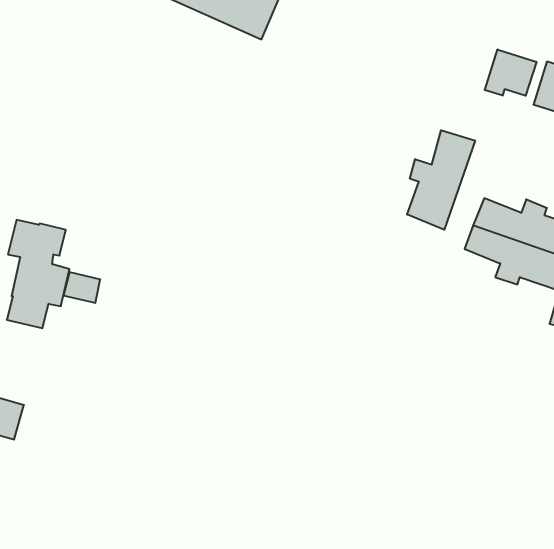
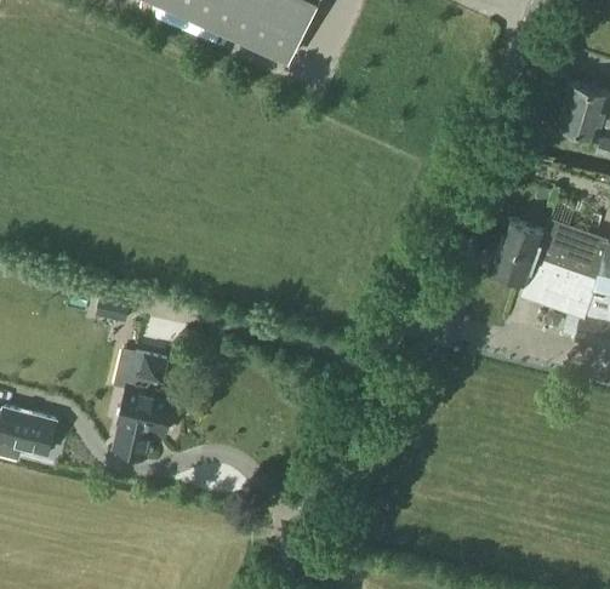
building: [485,49,536,96] -> none
building: [407,130,475,230] -> none
building: [7,220,69,328] -> [112,350,173,457]

